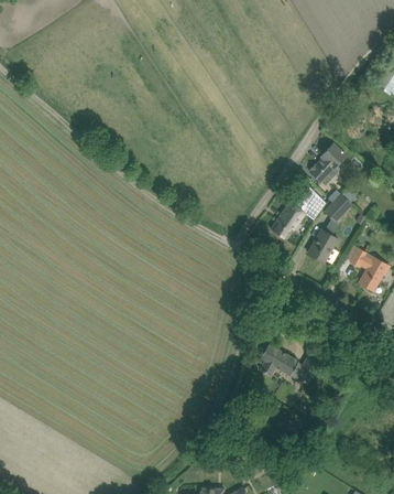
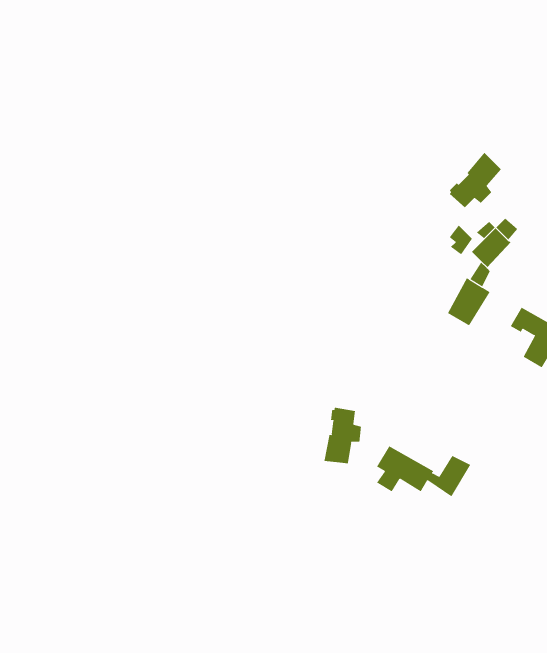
building: [270,200,307,240] -> none
building: none -> [324,407,361,464]

